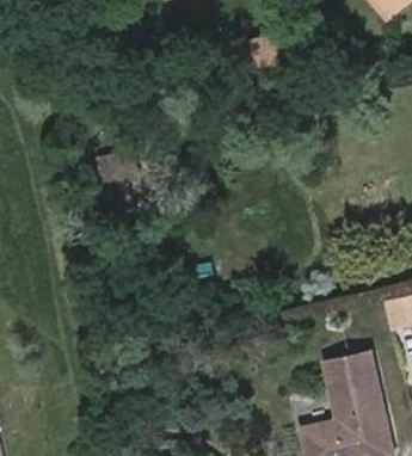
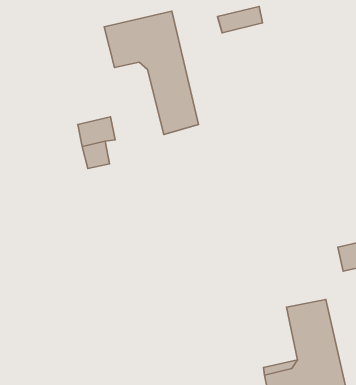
building: none -> [104,11,198,134]

